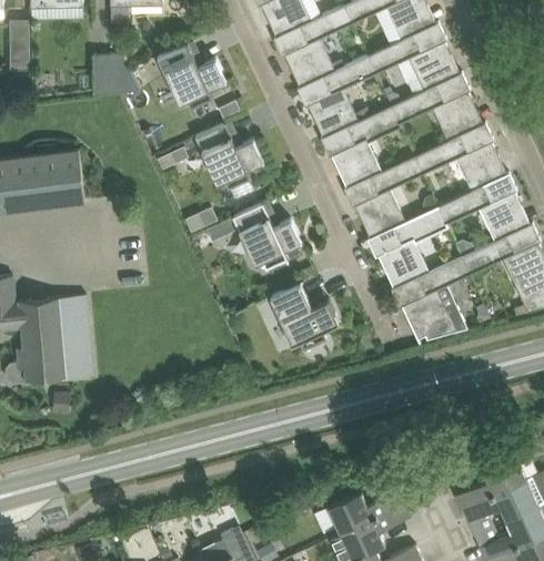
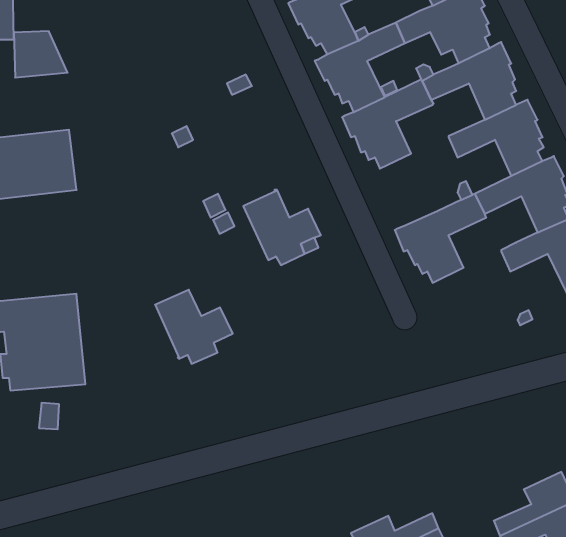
building: [157,42,225,109] -> none
building: [91,54,139,95] -> [14,31,68,78]
building: [194,122,263,188] -> none
building: [343,155,422,234] -> none
building: [390,256,469,339] -> none
building: [270,284,339,349] -> [155,290,233,364]

